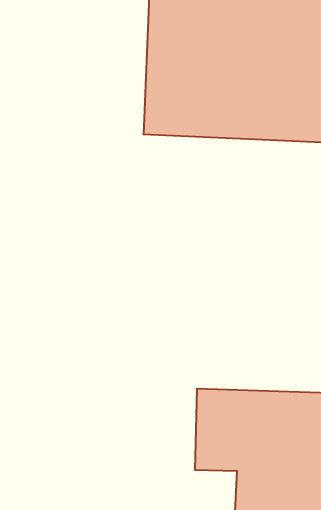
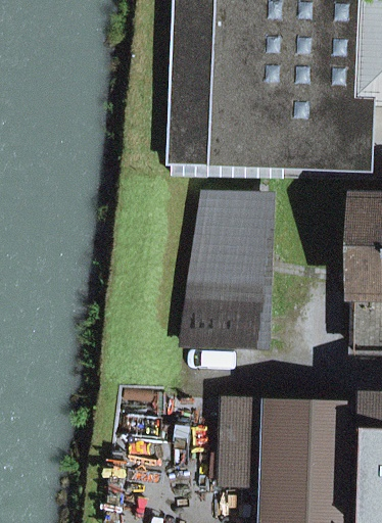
building: none -> [183,198,270,347]

